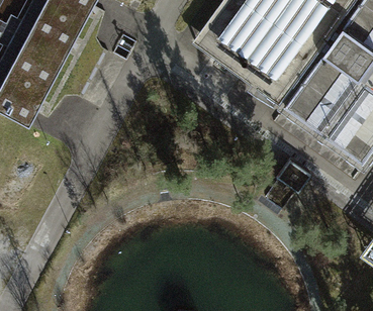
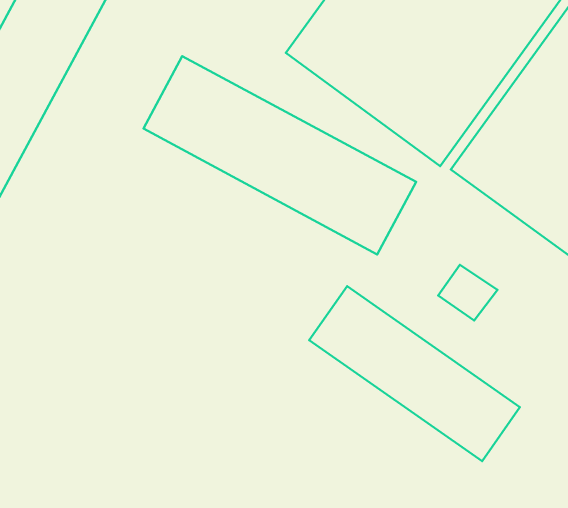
building: none -> [143,56,416,254]
building: none -> [309,286,520,461]

